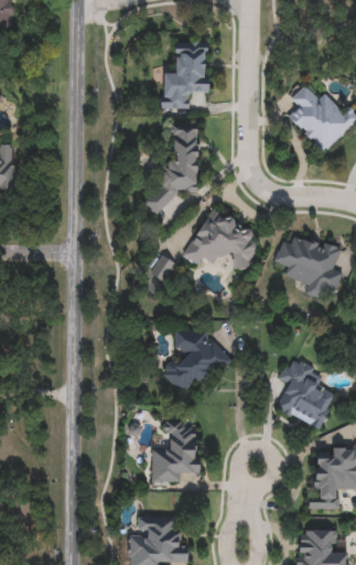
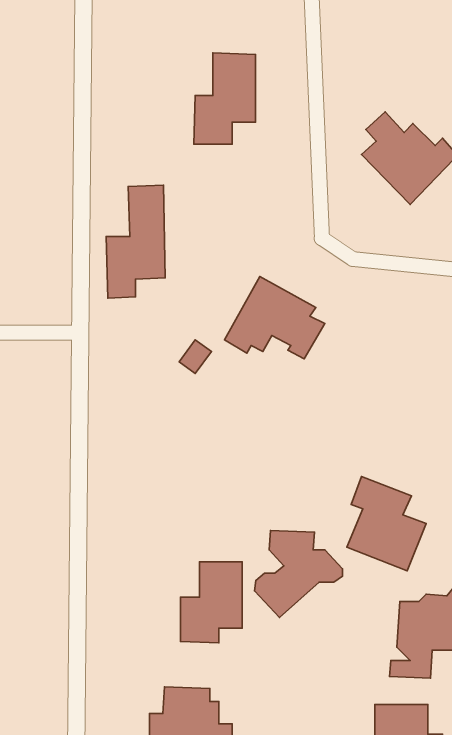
building: [154,122,198,207] -> [106,185,165,298]
building: [273,233,343,298] -> none
building: [163,330,229,395] -> [254,531,343,617]

